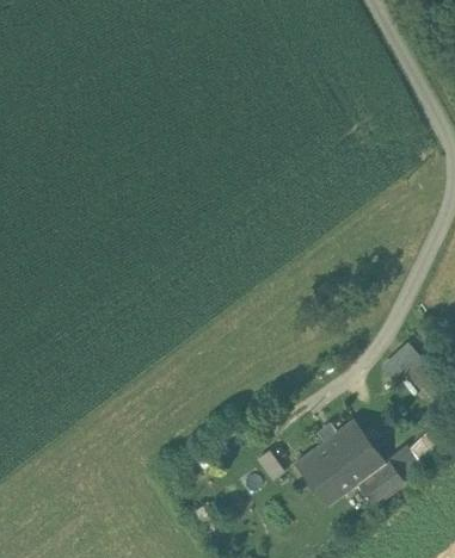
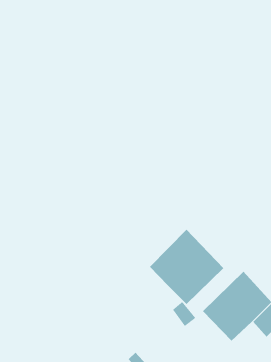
building: none -> [149,229,224,305]

